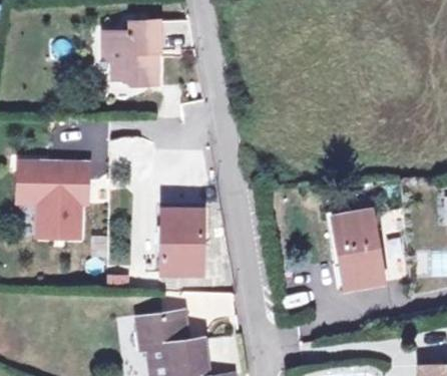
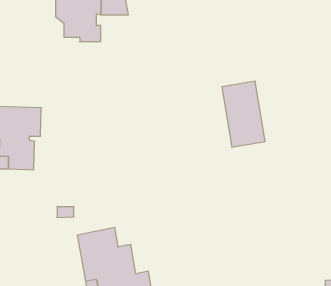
building: [161,208,202,272] -> none
building: [334,212,386,291] -> [222,81,265,147]

